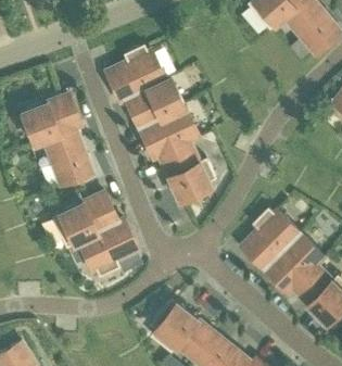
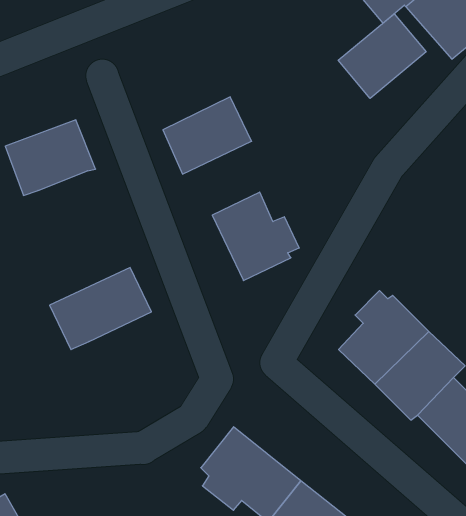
building: none -> [338,14,426,98]
building: [104,45,169,103] -> none
building: [138,109,198,160] -> none
building: [42,128,92,186] -> none
building: [76,219,137,278] -> none

